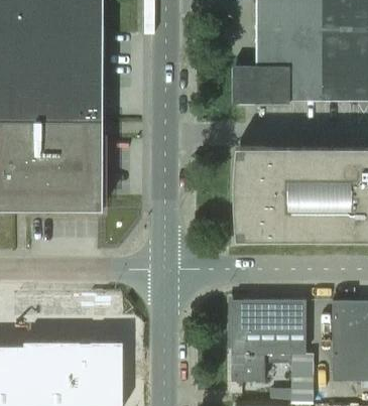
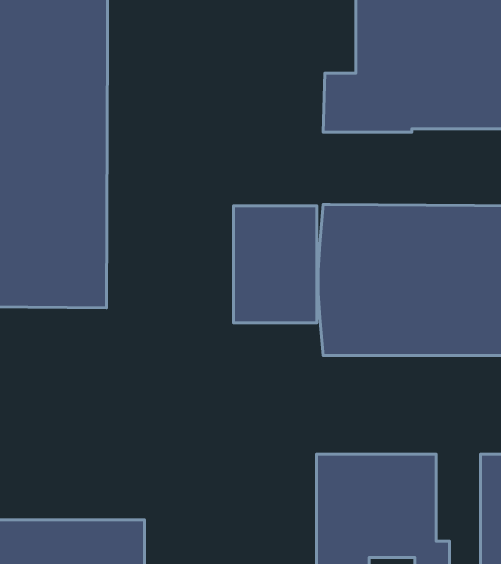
building: none -> [233,206,317,323]

